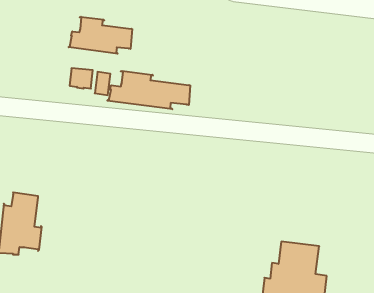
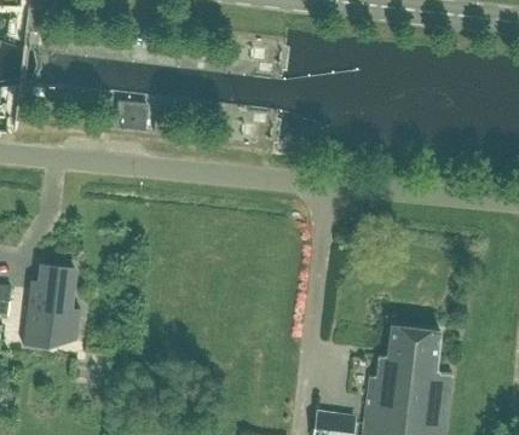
building: [69,17,132,54] -> none
building: [107,71,190,109] -> none

